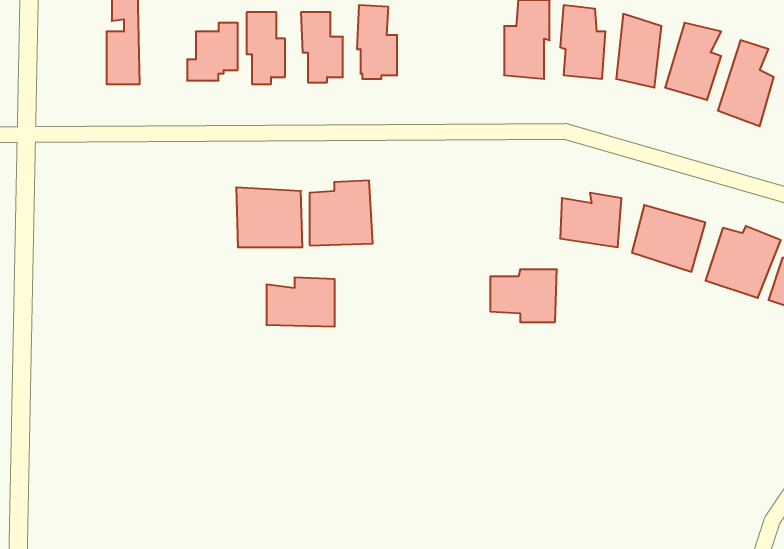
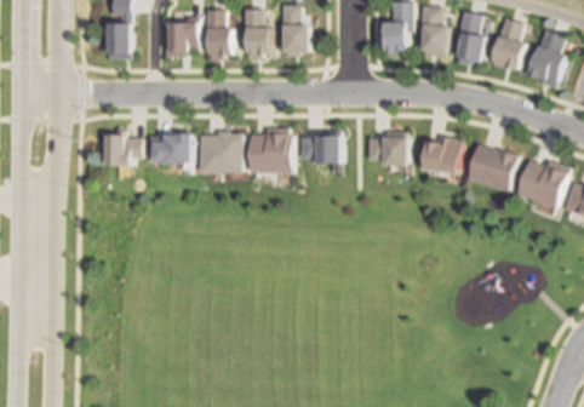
building: none -> [297,128,338,161]
building: none -> [102,133,141,166]
building: [490,269,557,322] -> [362,131,408,167]
building: [266,278,335,327] -> [145,130,193,164]

